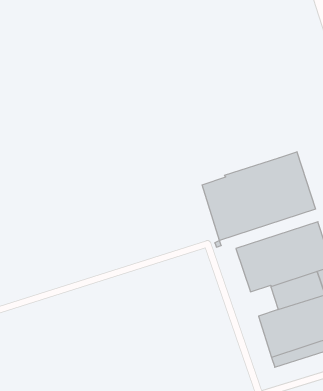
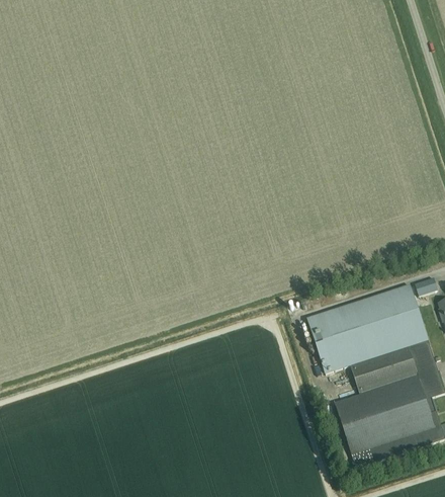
building: [202,152,316,241] -> none

